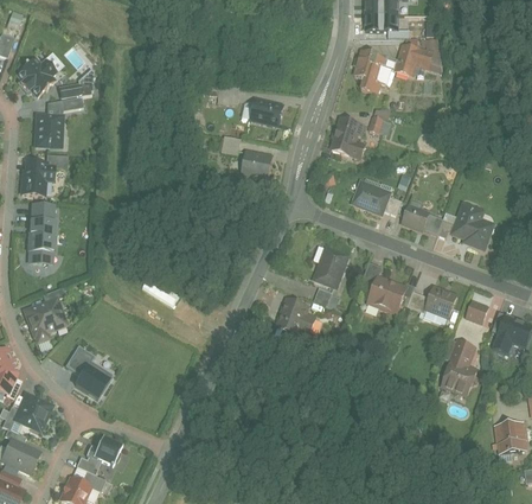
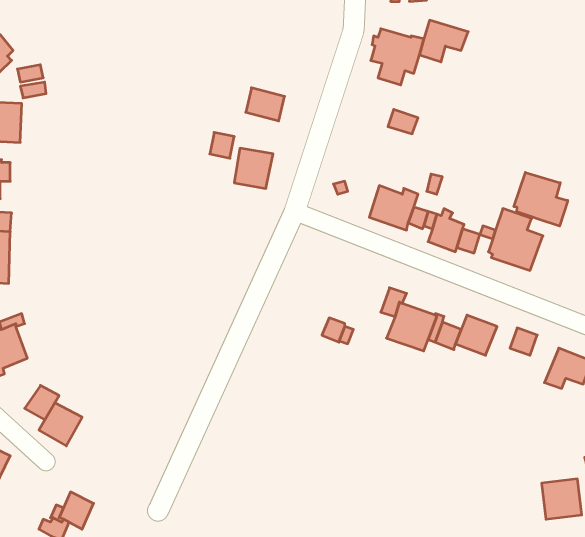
building: [328,119,365,161] -> none
building: none -> [514,172,568,226]
building: [312,248,348,292] -> none
building: [273,300,314,337] -> none
building: [440,337,477,400] -> none

